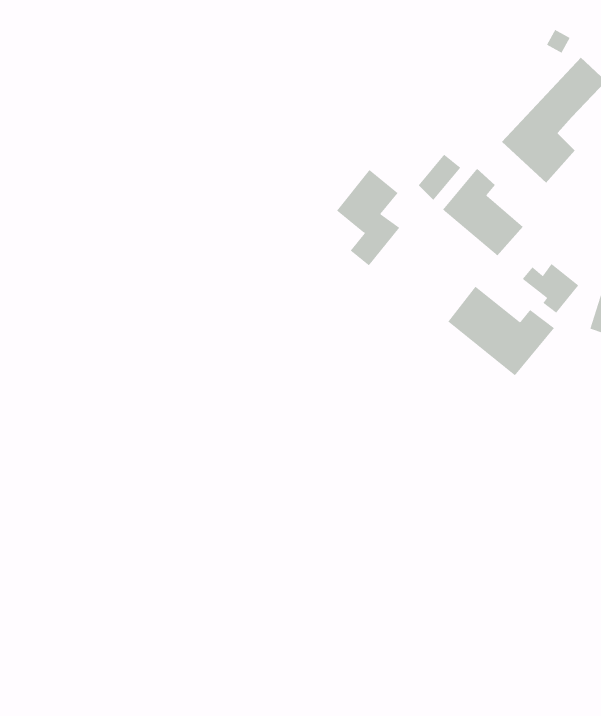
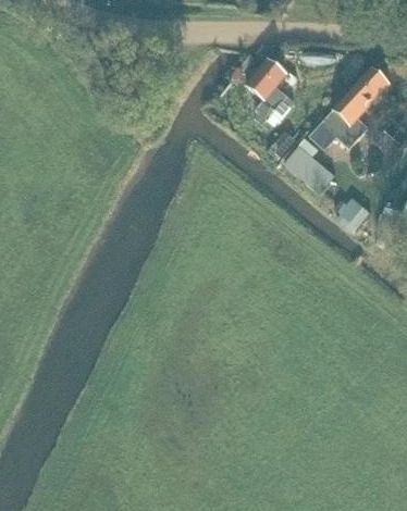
building: [336,169,400,266] -> [248,58,288,119]
building: [448,286,555,376] -> none

